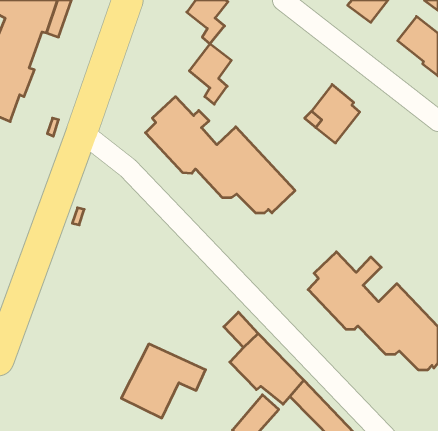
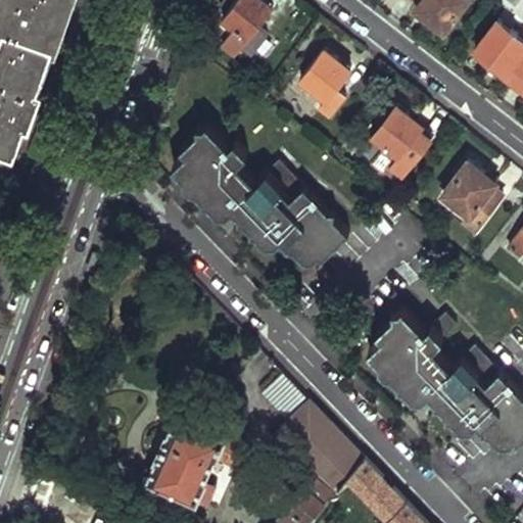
building: [189,44,231,104] -> [298,55,348,127]
building: none -> [441,170,500,236]

